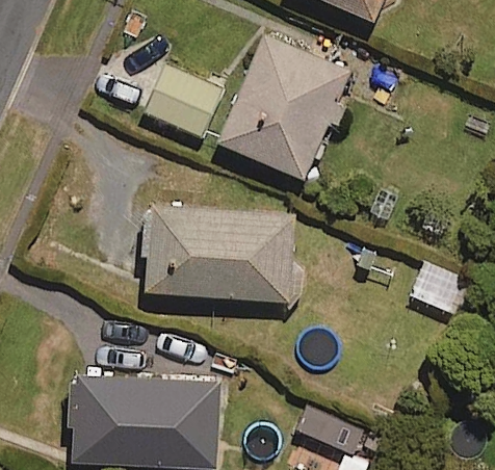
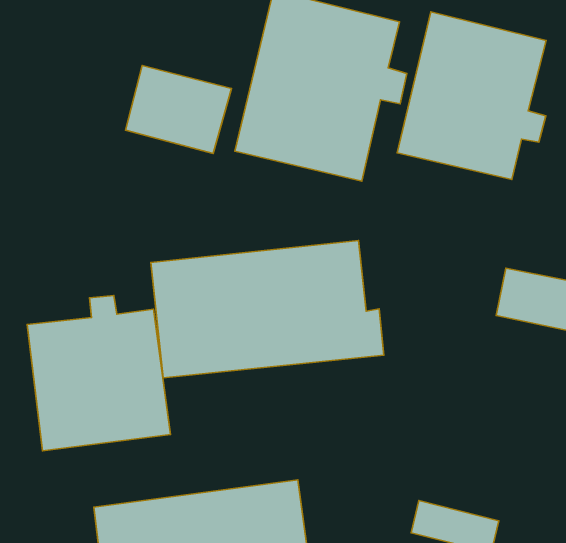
building: none -> [397,12,546,179]
building: none -> [27,296,170,451]

